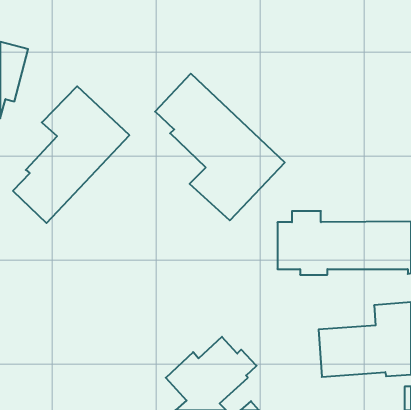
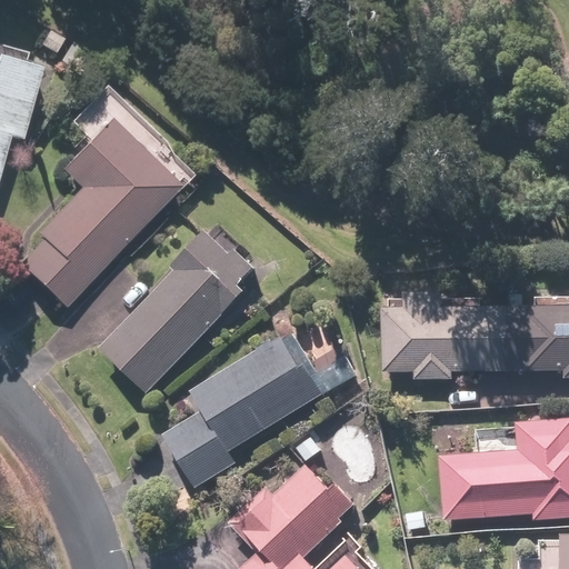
building: [155,74,285,220] -> none
building: none -> [99,231,253,393]
building: none -> [163,333,358,487]

